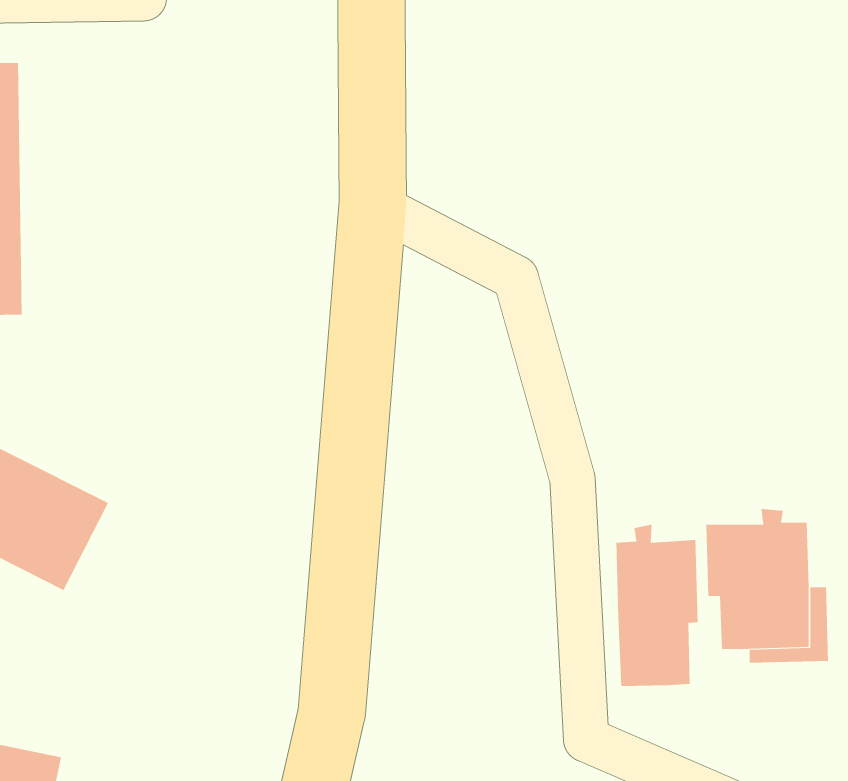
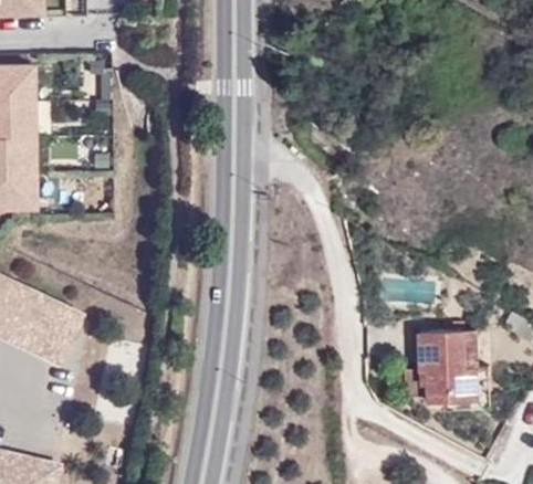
building: [616,524,698,687] -> none

